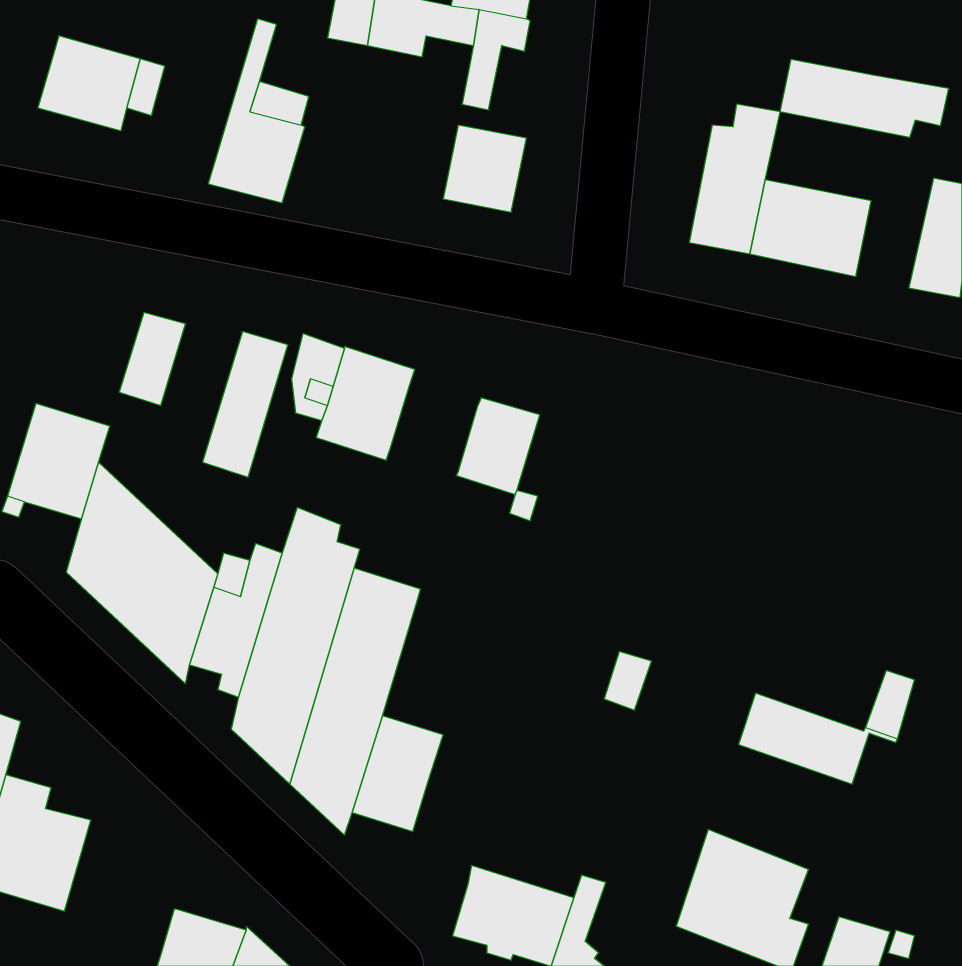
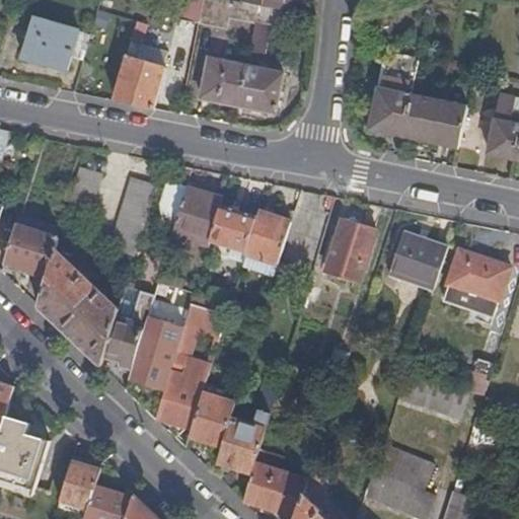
building: [780,59,949,138] -> none
building: none -> [200,59,245,106]
building: none -> [209,207,255,252]
building: none -> [325,219,374,281]
building: none -> [387,231,447,290]
building: none -> [439,250,508,319]
building: none -> [216,380,277,473]
building: none -> [58,459,100,511]

